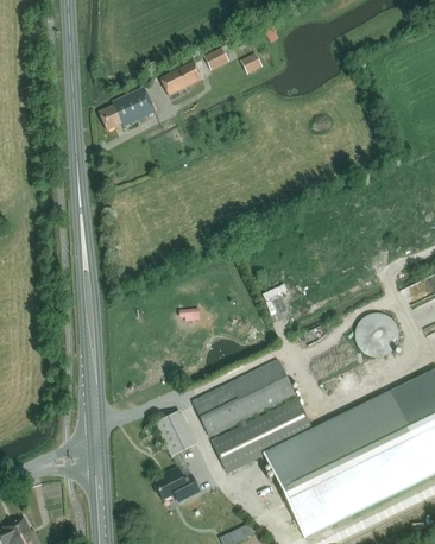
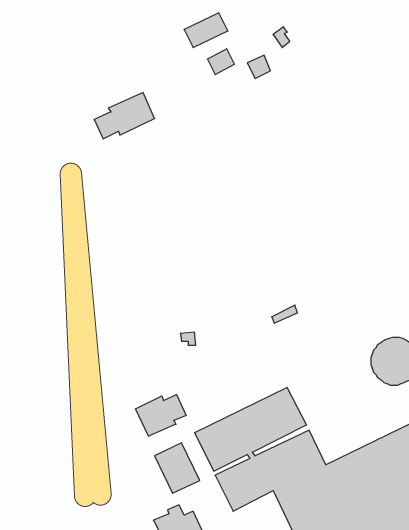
building: [162,63,202,95] -> [184,13,228,48]
building: none -> [135,395,186,436]

